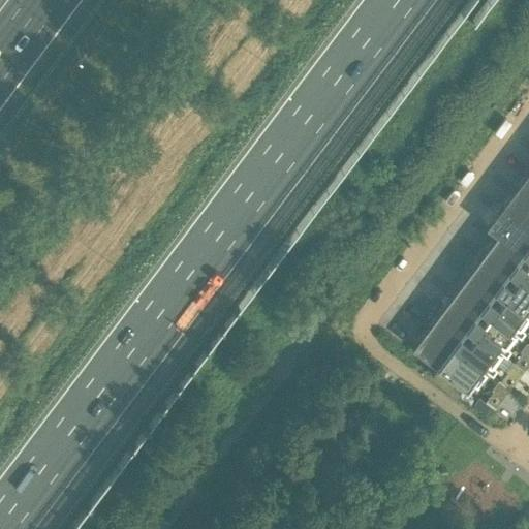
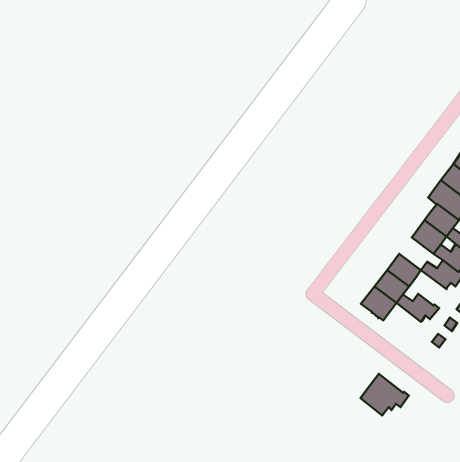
building: [459,273,498,310] -> none
building: [470,318,519,350] -> none
building: [435,347,490,395] -> [360,374,409,416]

